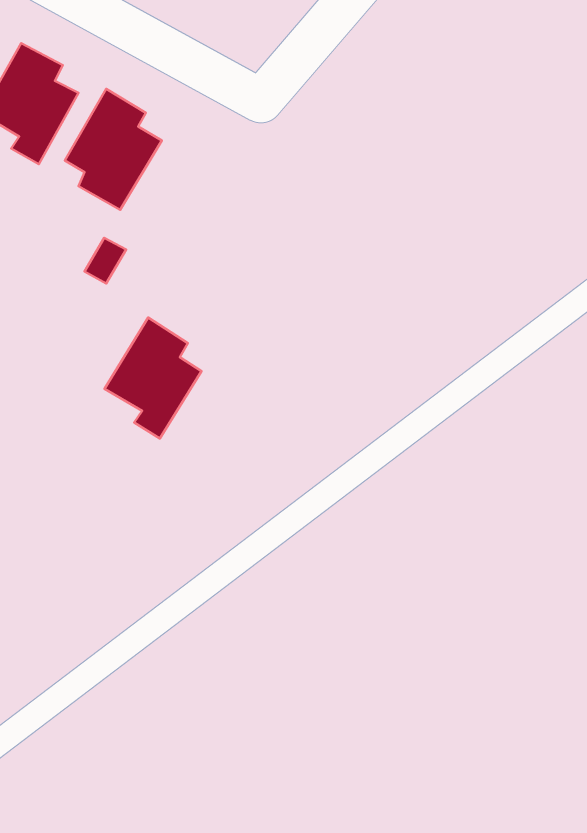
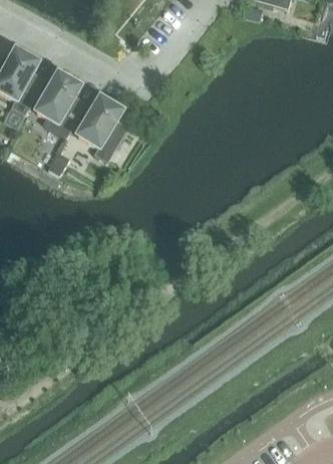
building: [104,317,202,438] -> [76,94,125,156]

